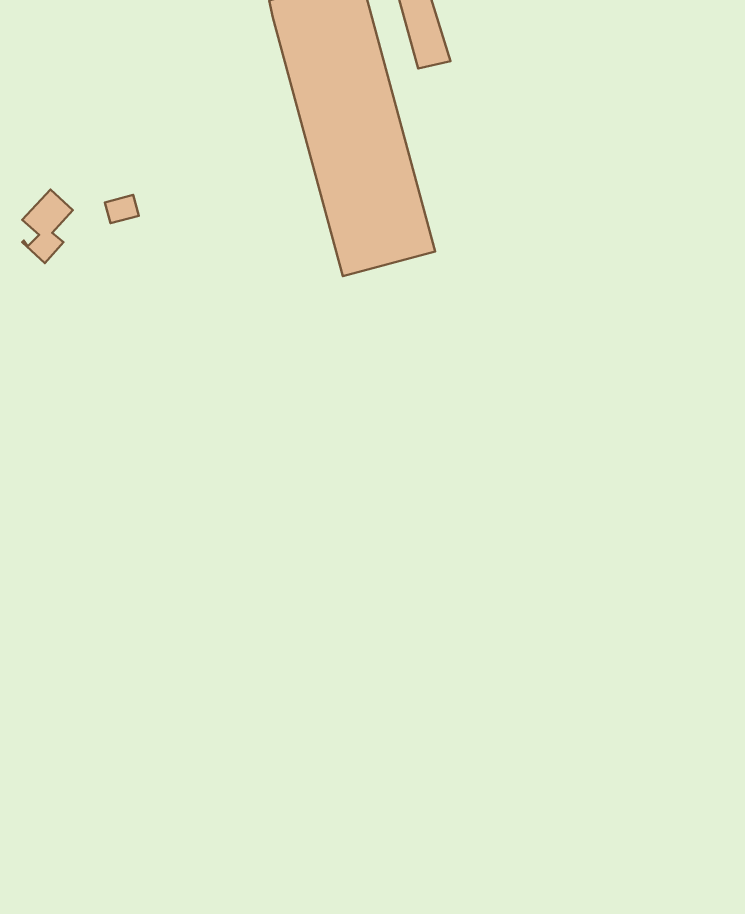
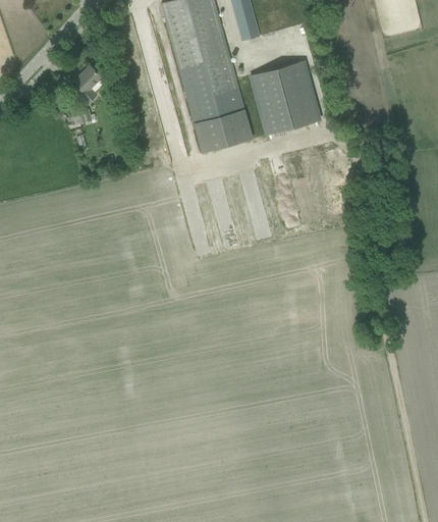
building: none -> [252,61,319,135]
building: [22,189,73,263] -> [74,65,102,105]

